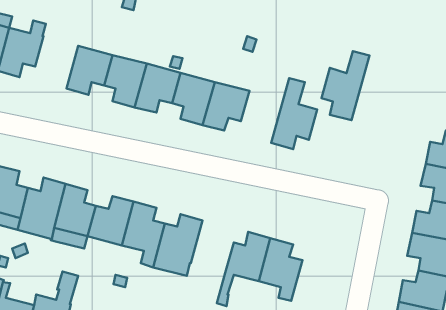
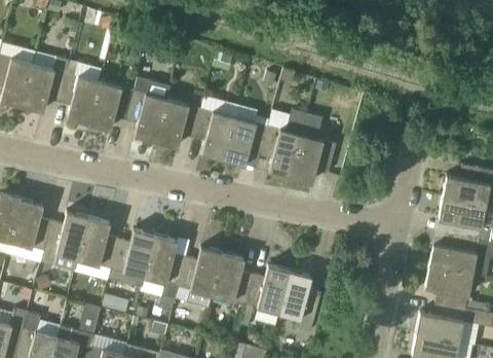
building: none -> [60,72,102,123]
building: [321,51,369,120] -> [262,109,309,177]
building: none -> [213,253,255,305]

